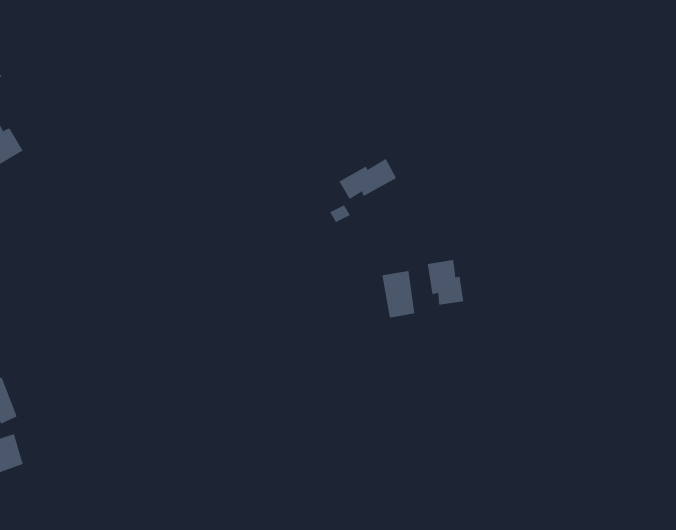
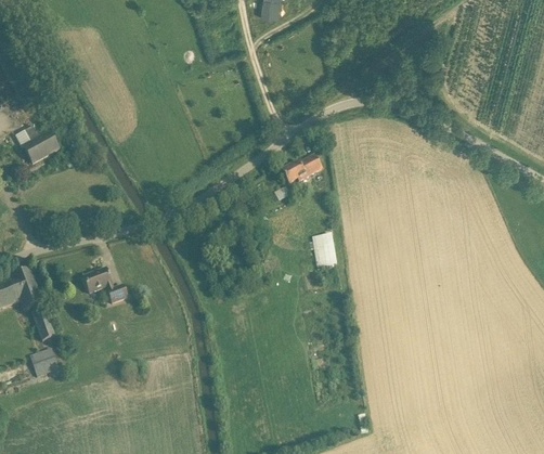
building: [427,259,464,306] -> none
building: none -> [82,268,127,303]

